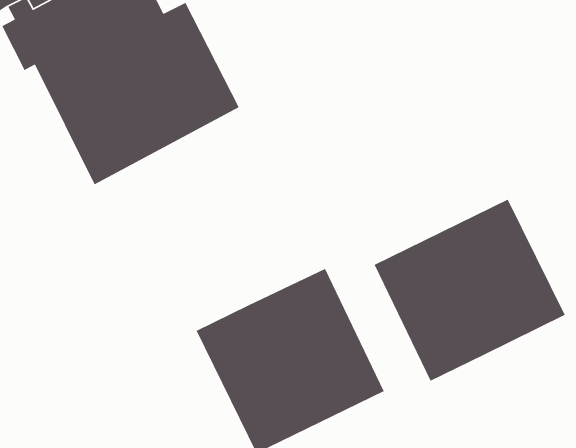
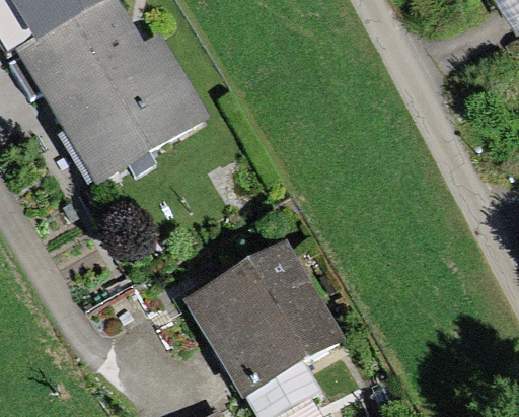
building: [373,199,566,382] -> none

